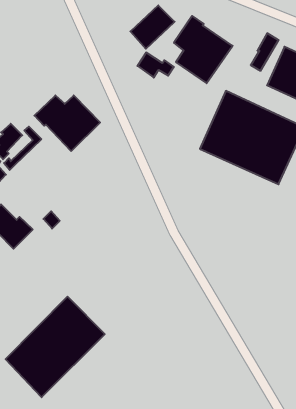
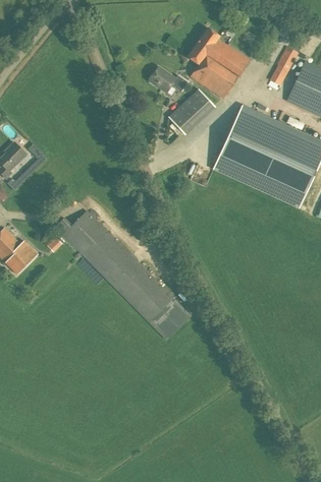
building: [130,5,175,49] -> [168,88,215,134]
building: [34,95,100,151] -> none
building: none -> [54,209,192,340]
building: [6,297,105,397] -> none

